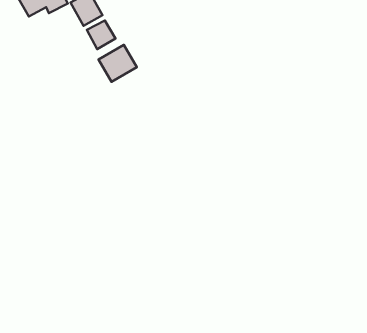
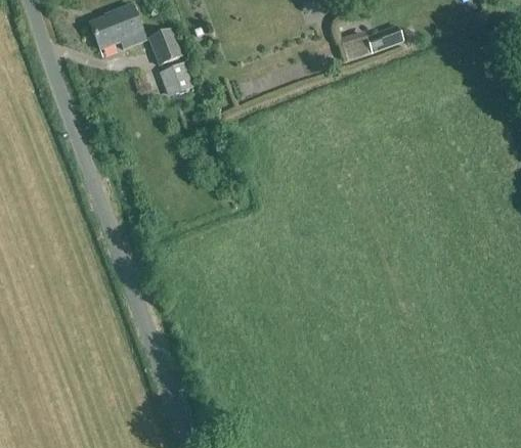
building: [98,45,137,82] -> none

